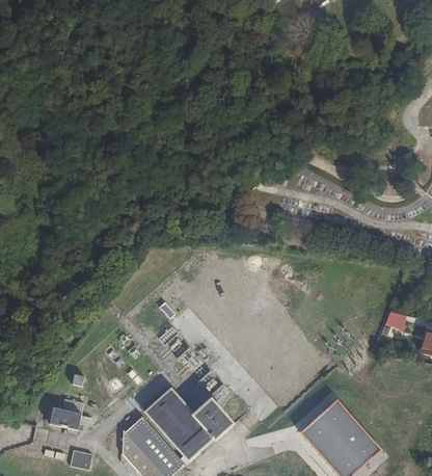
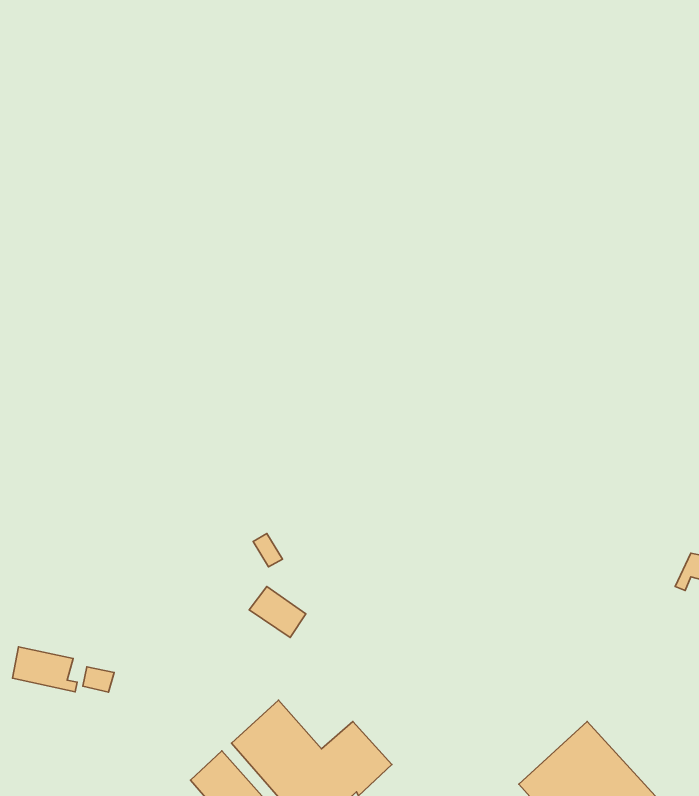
building: [49,408,83,432] -> [13,647,77,692]

